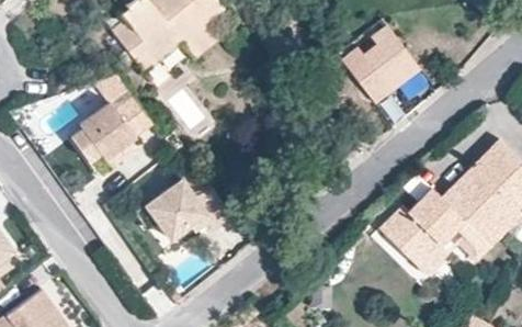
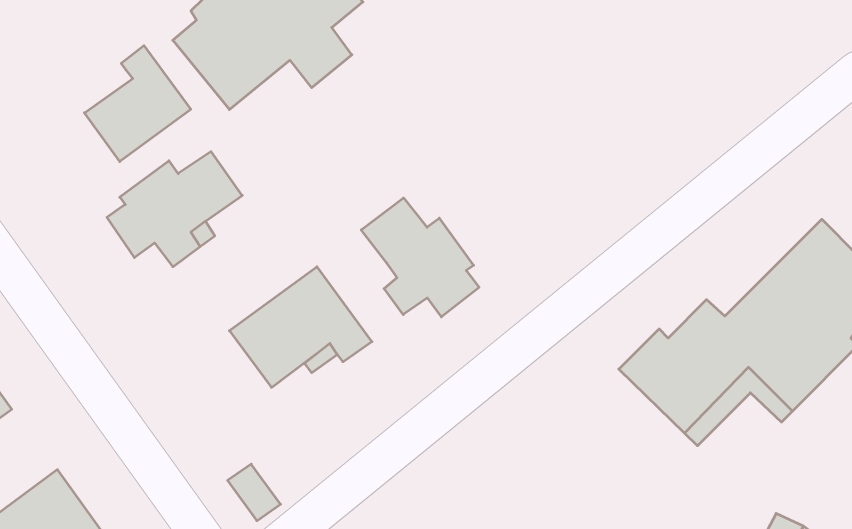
building: [343,29,422,108] -> none
building: none -> [84,46,191,162]
building: none -> [361,198,479,317]

